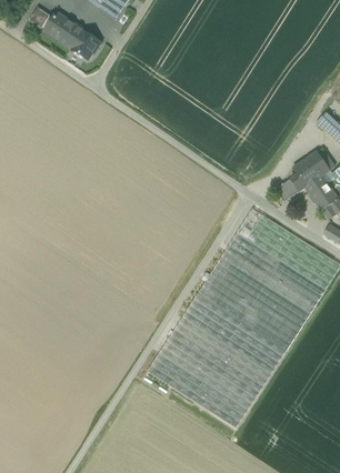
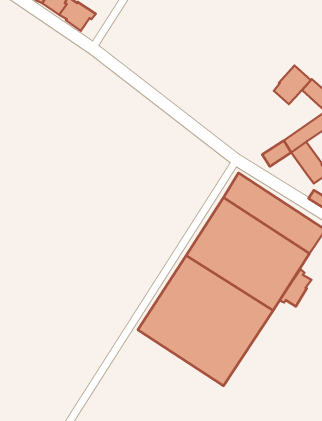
building: none -> [274,65,311,104]
building: none -> [280,269,311,306]

